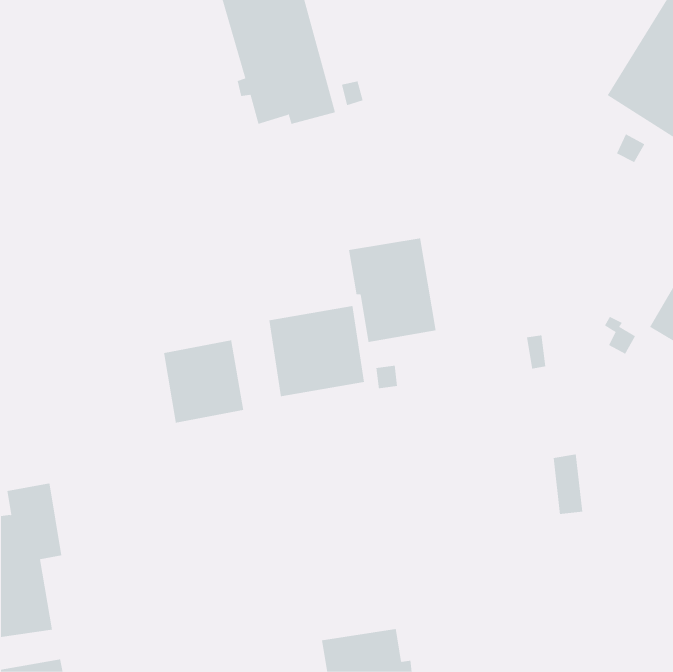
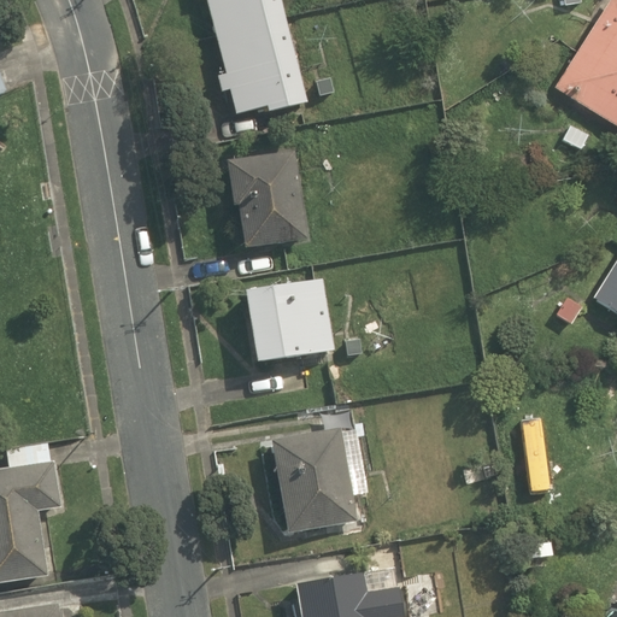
building: [348,238,437,342] -> [227,152,307,247]
building: [163,340,244,423] -> none
building: none -> [272,428,359,533]

